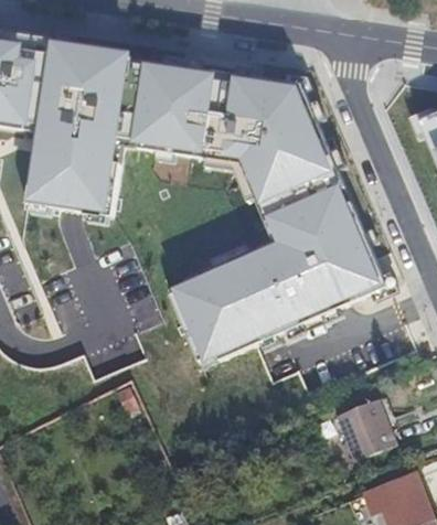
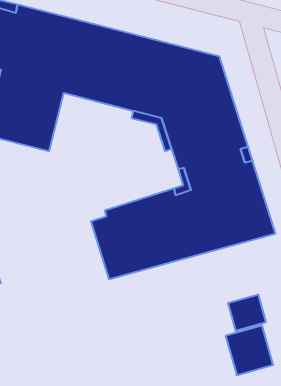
building: none -> [228,294,266,331]

